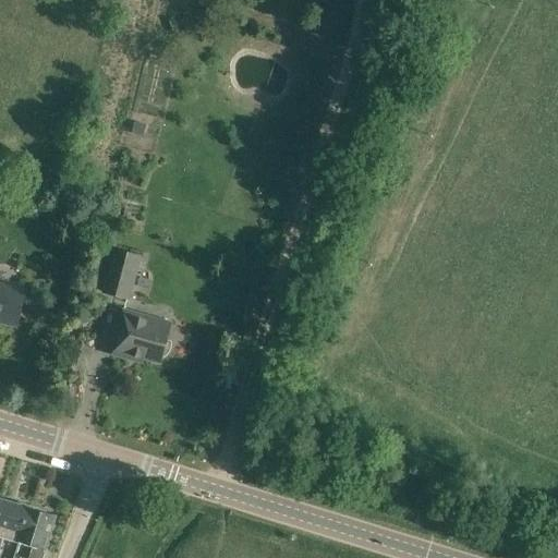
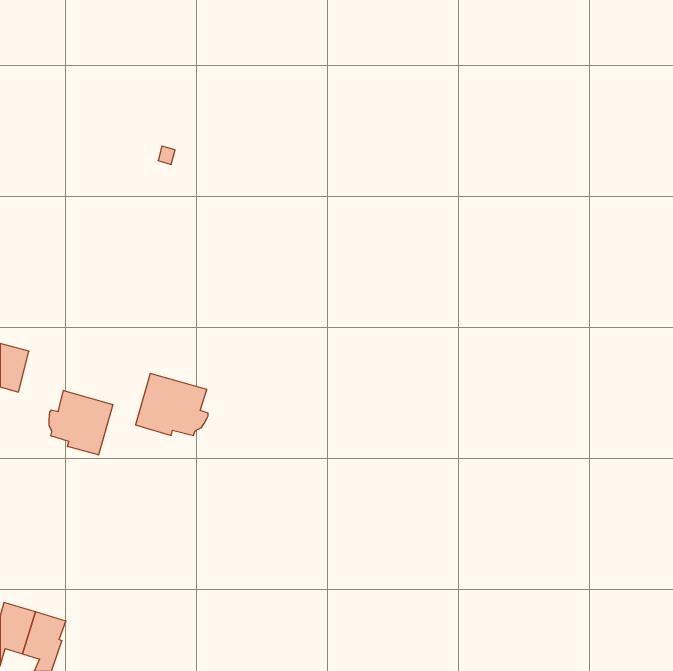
building: [104,251,140,299] -> none
building: none -> [49,390,113,455]

